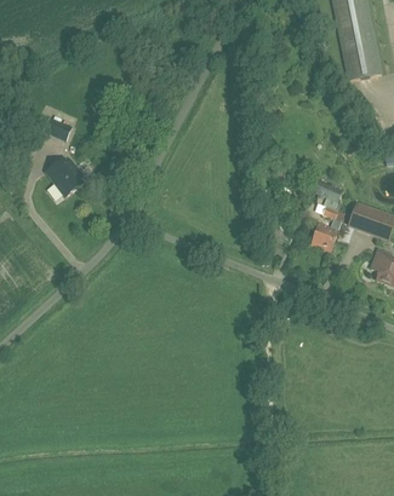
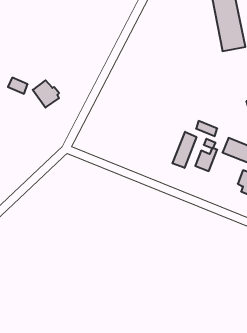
building: [46,156,84,195] -> [33,80,59,108]
building: none -> [172,132,196,168]

